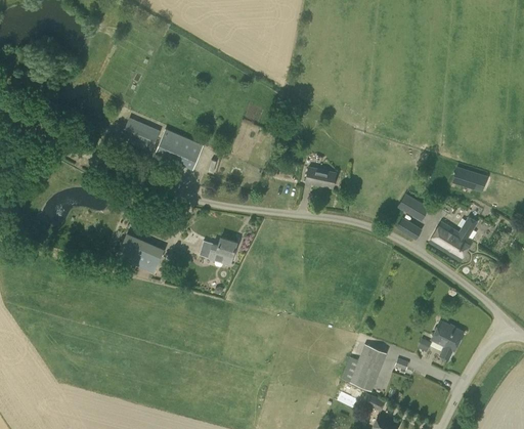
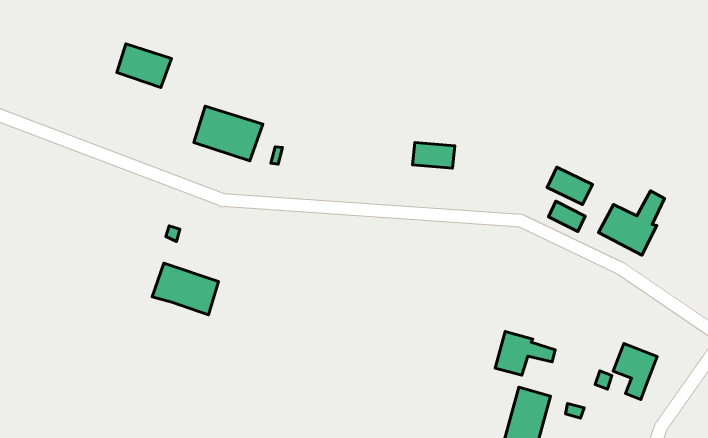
building: [121,118,160,151] -> [117,44,171,88]
building: [451,166,487,191] -> none
building: [199,238,236,264] -> none
building: none -> [495,331,555,375]

